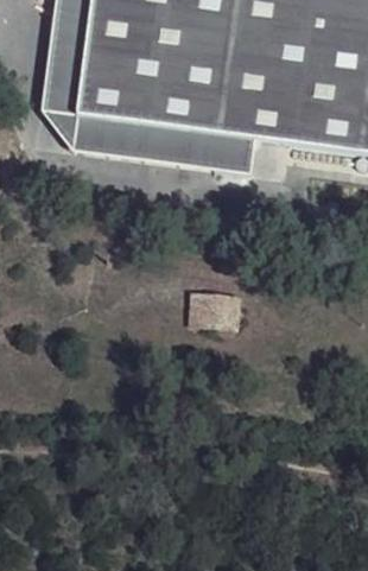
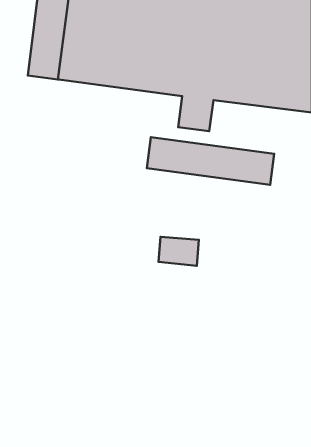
building: [72,114,218,169] -> [147,137,274,185]

